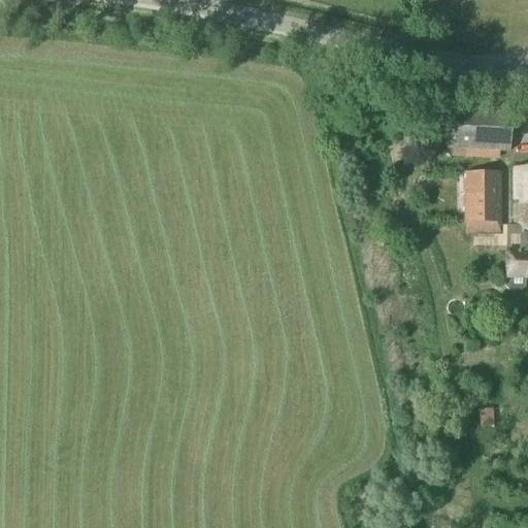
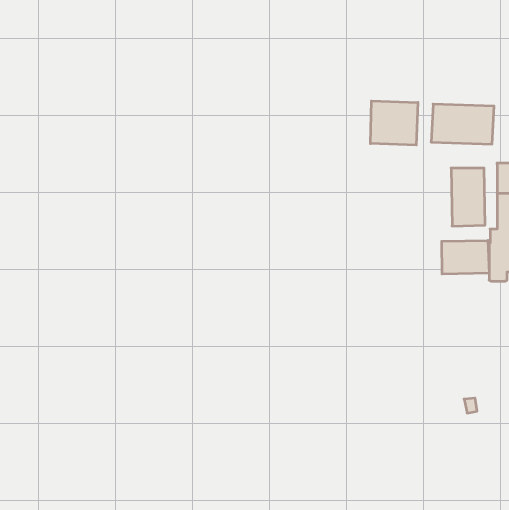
building: none -> [370,101,418,145]
building: none -> [442,240,489,274]

